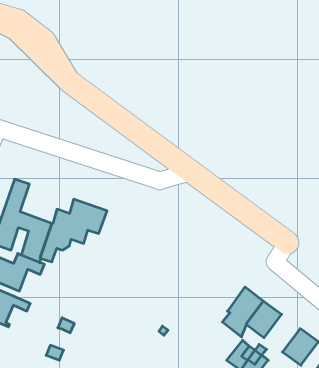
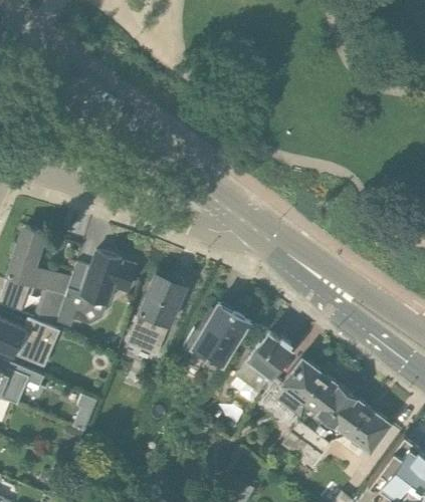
building: none -> [129,273,187,357]
building: none -> [183,304,257,370]
building: none -> [237,334,292,394]
building: none -> [326,392,369,437]

